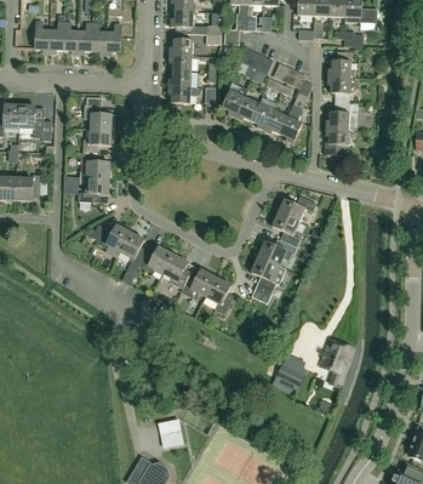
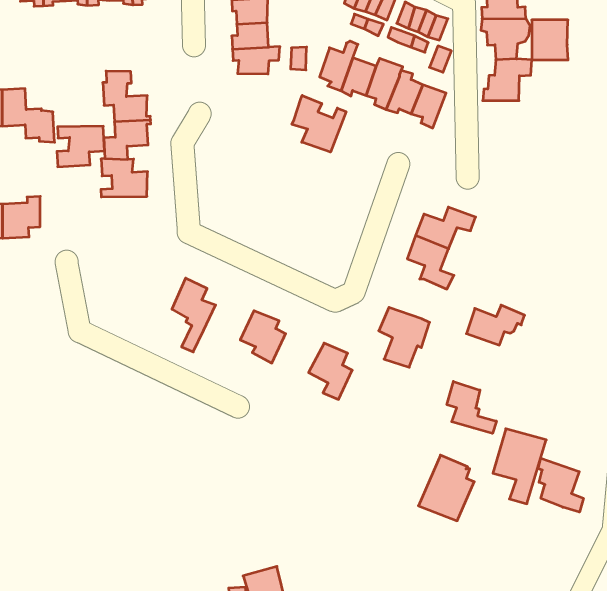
building: none -> [292,95,346,152]
building: [324,127,348,154] -> [532,20,568,60]
building: [78,176,108,201] -> [57,126,104,167]
building: [92,223,130,250] -> none
building: [258,239,296,264] -> [466,305,525,345]
building: [139,245,172,280] -> none
building: [181,268,216,296] -> none
building: none -> [447,381,496,433]
building: none -> [538,458,583,512]

